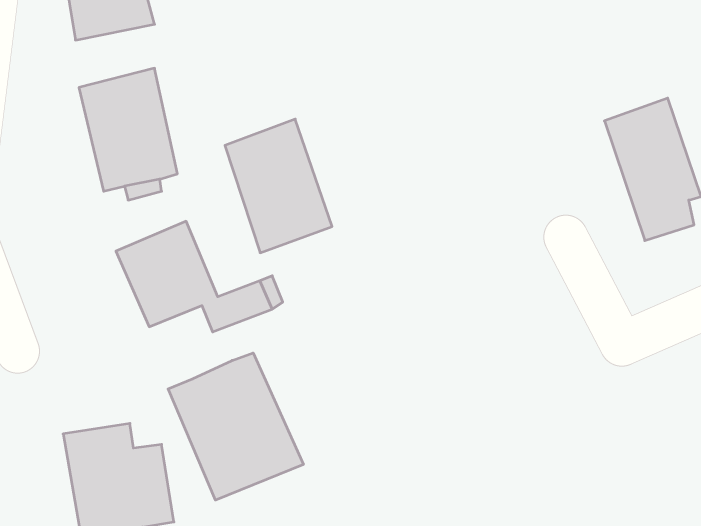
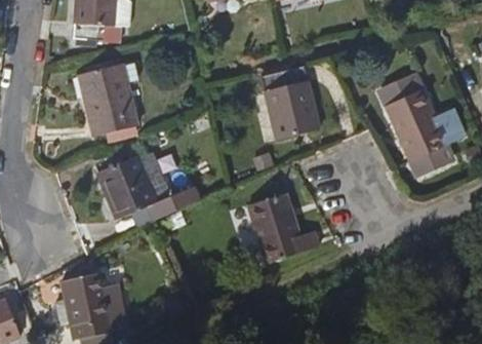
building: [225,119,332,253] -> [253,56,316,135]
building: none -> [249,191,321,260]
building: [168,353,303,500] -> none

